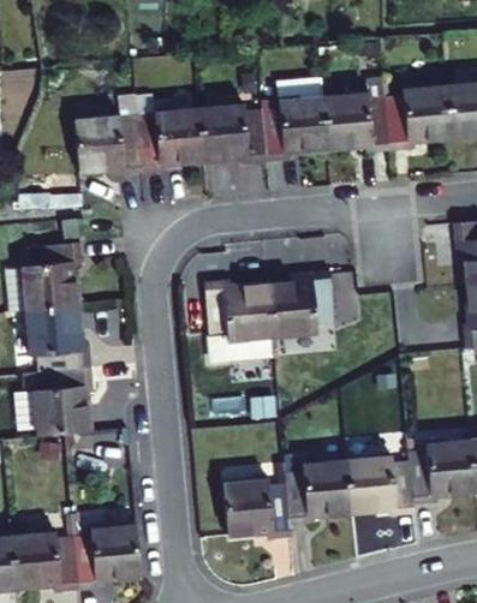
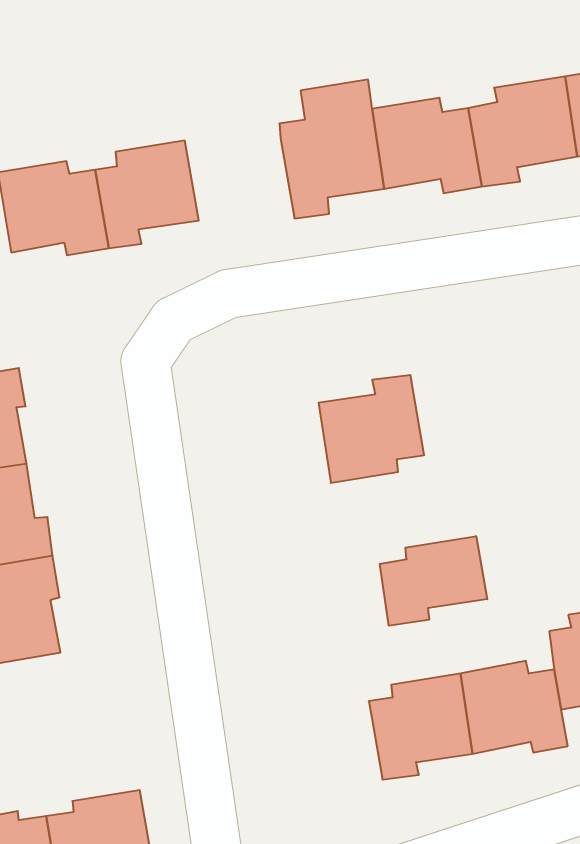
building: [198,101,266,163] -> none
building: [208,277,275,339] -> none
building: none -> [380,536,487,626]
building: [226,482,294,544] -> none

